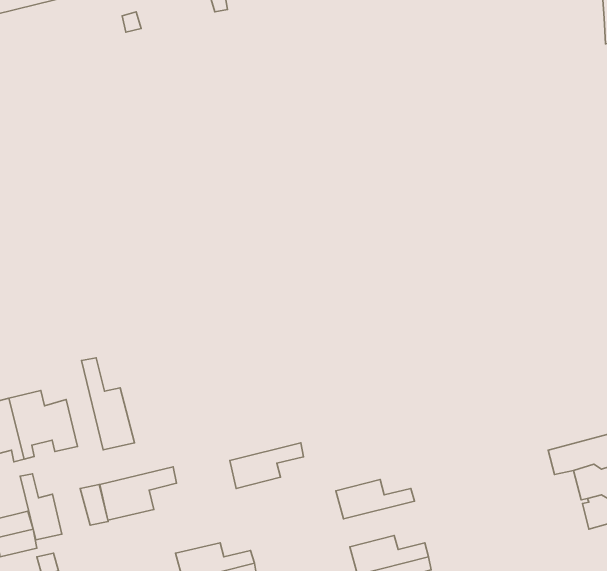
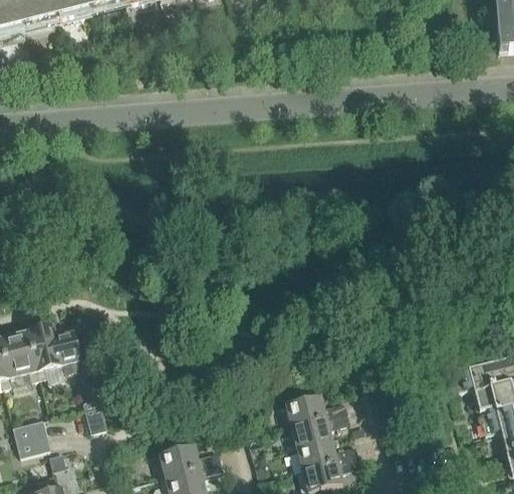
building: [82,358,135,450] -> none
building: [230,443,303,489] -> [291,412,349,448]
building: [100,467,177,520] -> none
building: [20,474,62,540] -> none

